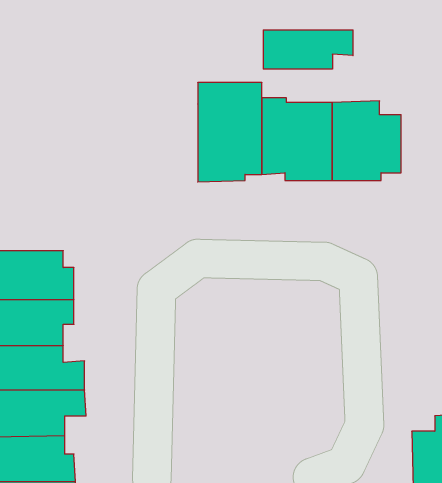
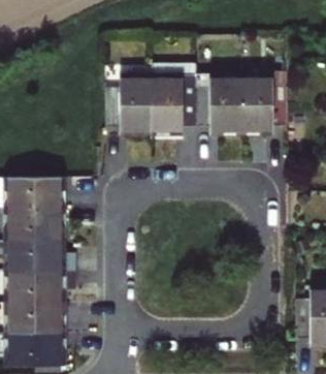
building: [263,30,353,69] -> none
building: none -> [103,79,149,131]

